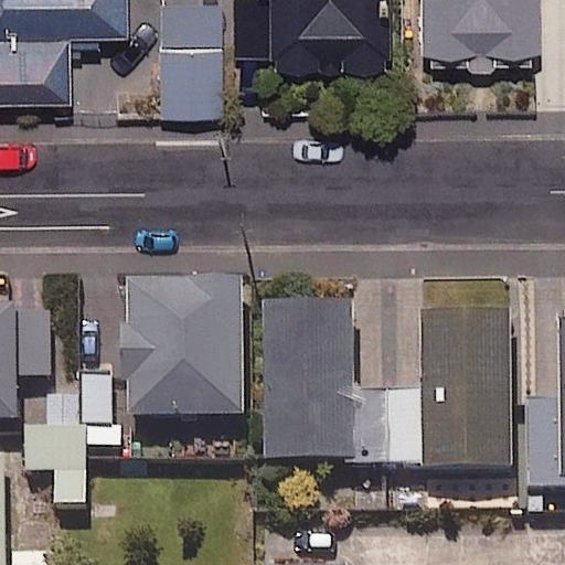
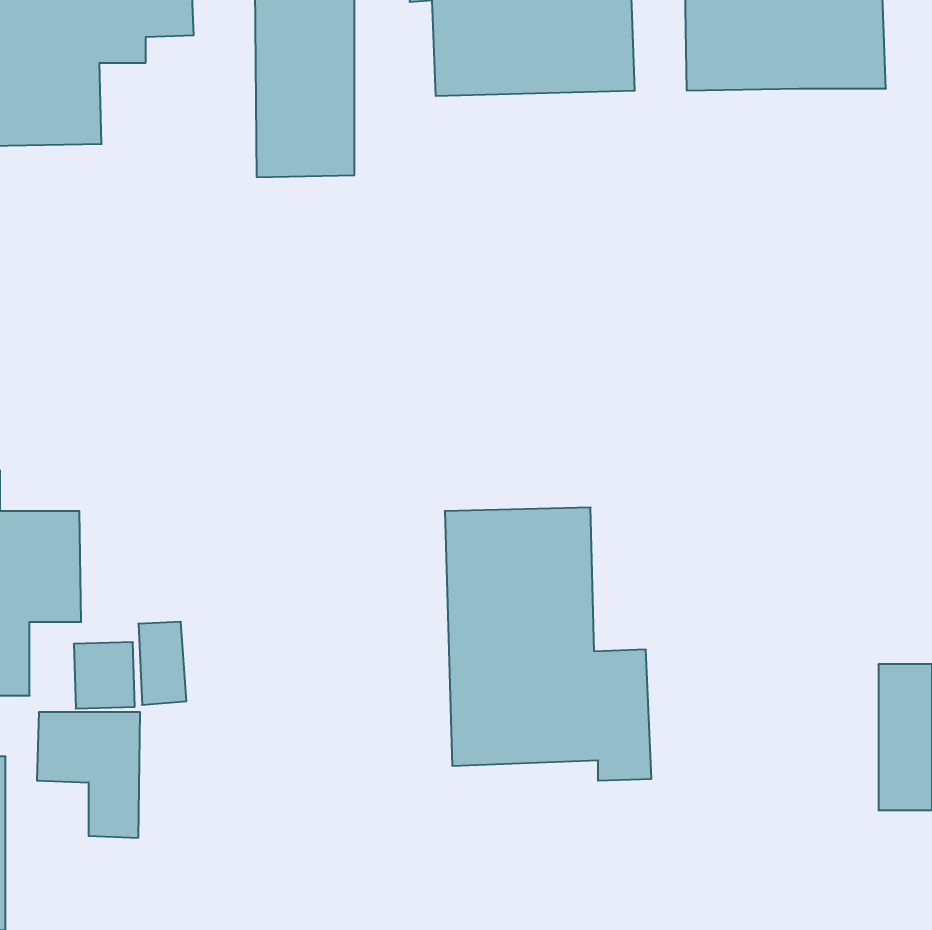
building: [126,277,244,414] -> none
building: [386,312,514,466] -> none

